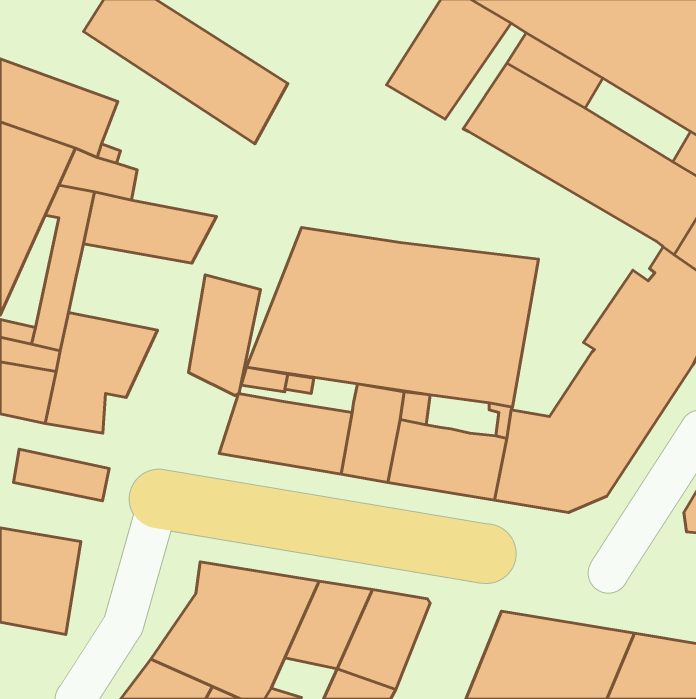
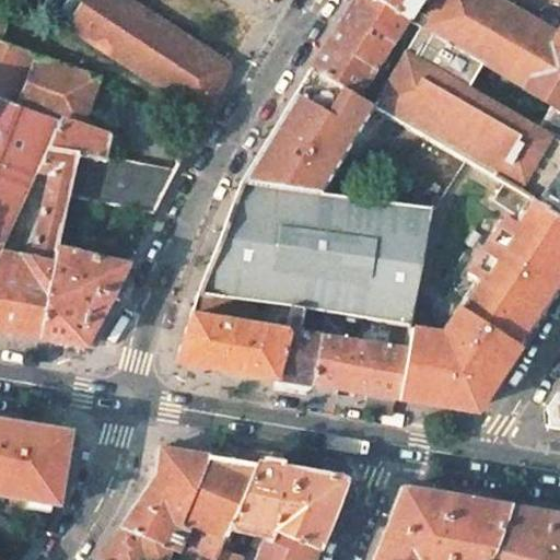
building: none -> [244,68,377,194]
building: [189,275,261,395] -> none
building: [13,449,109,501] -> none

